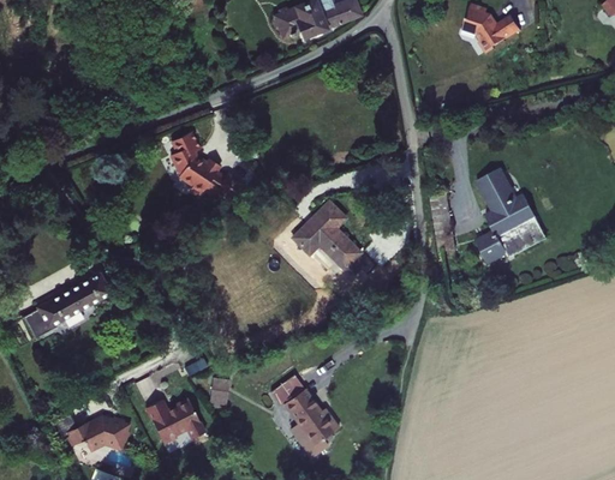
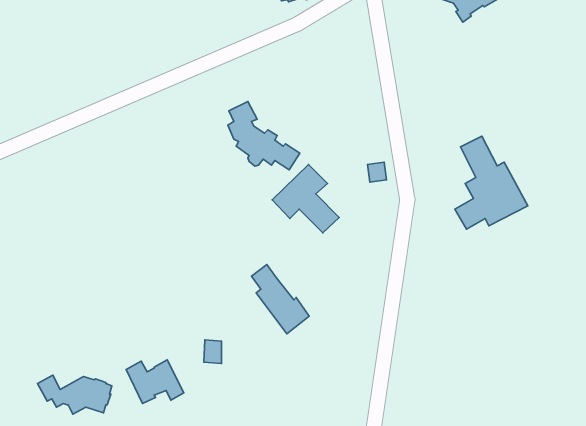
building: [167,131,240,200] -> [228,101,300,170]
building: [23,276,108,336] -> none
building: [280,373,339,444] -> [251,264,309,334]

